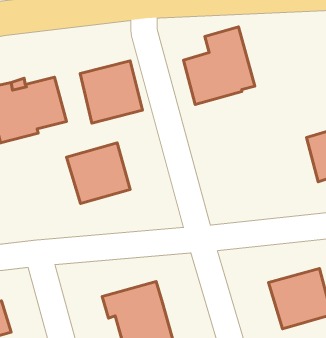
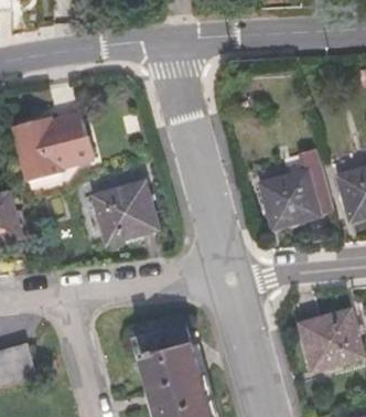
building: [183,27,255,105] -> [259,150,332,229]
building: [80,61,143,123] -> none

